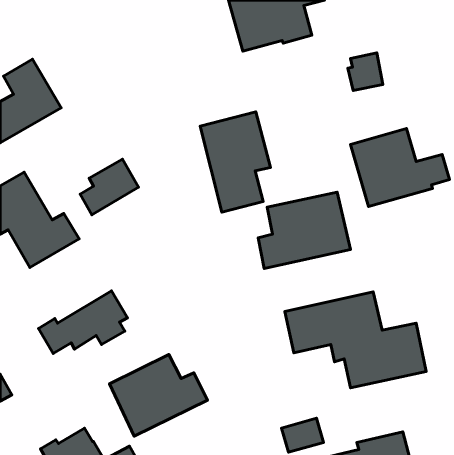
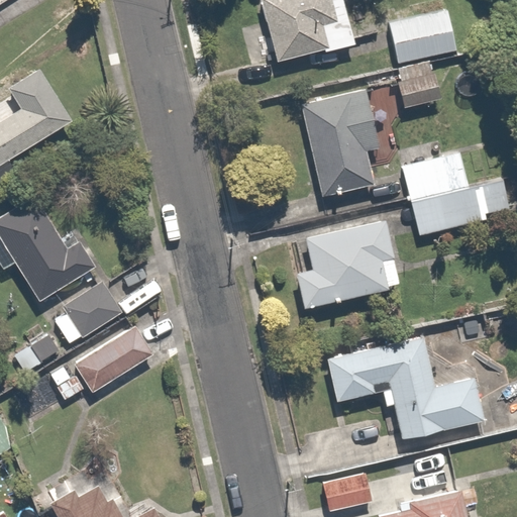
building: none -> [388,10,459,66]
building: [200,112,270,212] -> [300,85,379,198]
building: [80,159,139,215] -> [57,284,122,346]
building: [109,354,208,436] -> none

